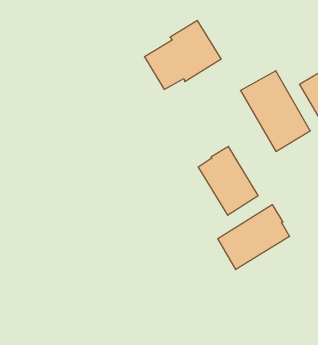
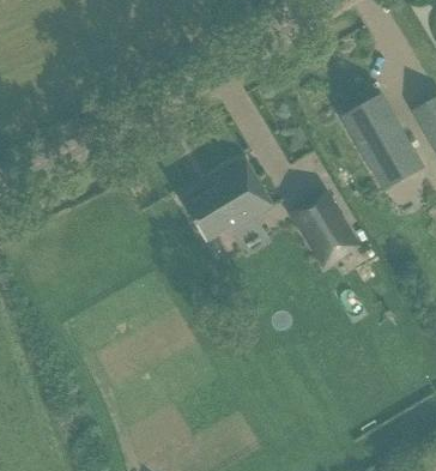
building: [144,21,221,89] -> [182,159,275,243]
building: [218,205,290,270] -> none

